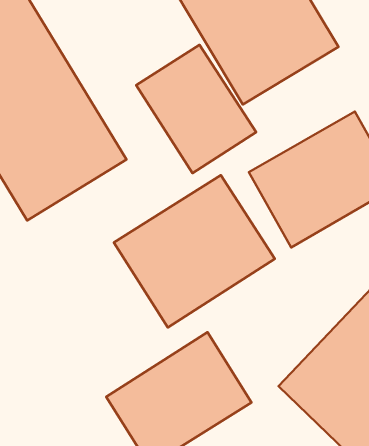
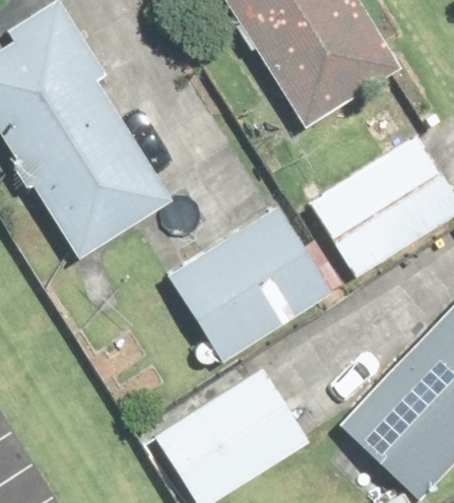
building: [136,45,256,173] -> none

